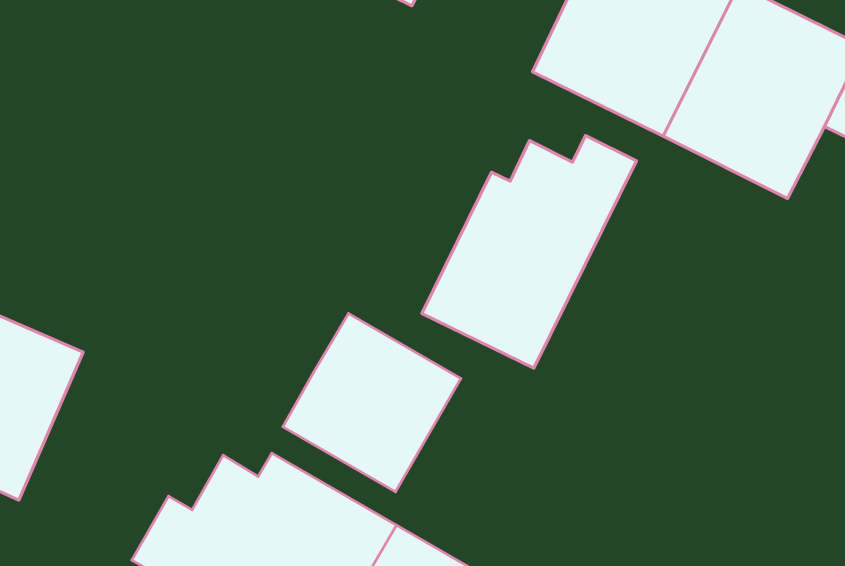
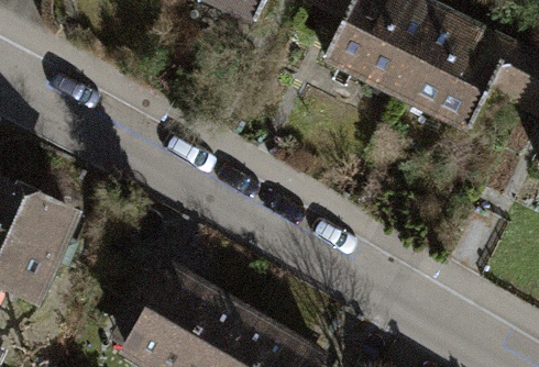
building: [422,135,636,368] -> none
building: [283,313,461,492] -> none

